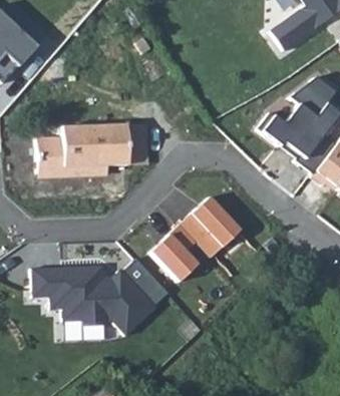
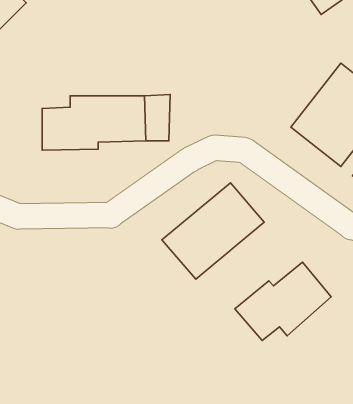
building: [27,259,164,333] -> none
building: none -> [235,262,331,341]

